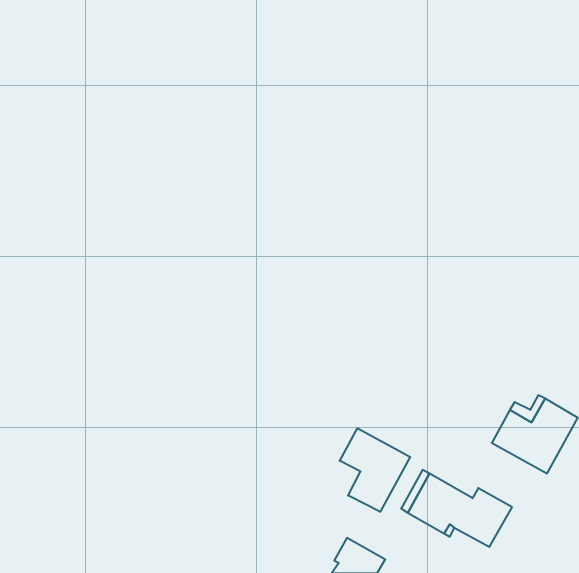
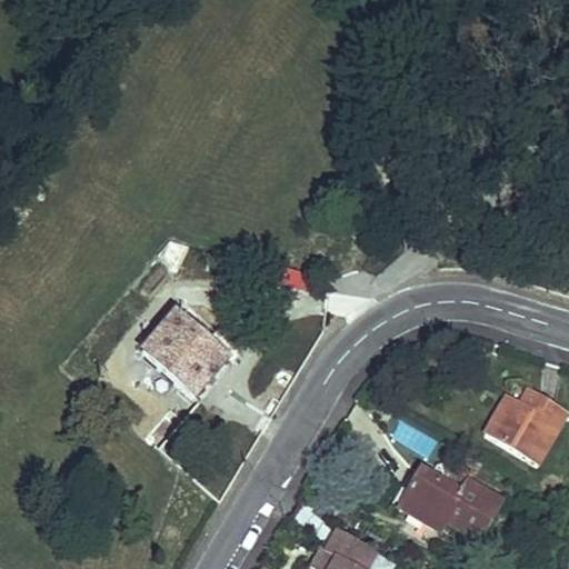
building: none -> [142,311,228,396]
building: [340,428,410,512] -> none

